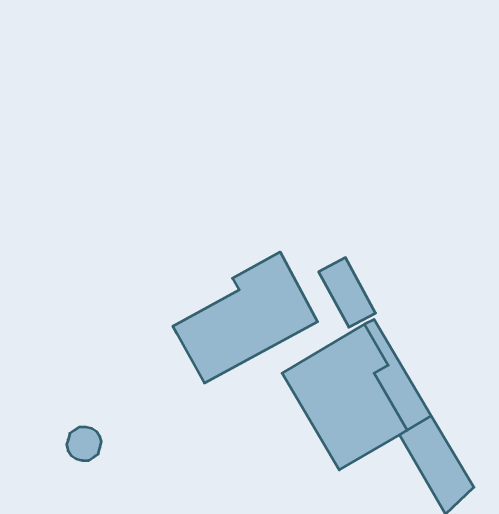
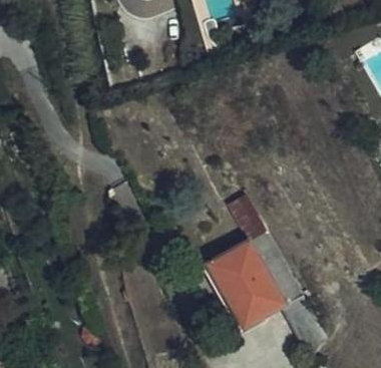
building: [173,252,318,383] -> none

